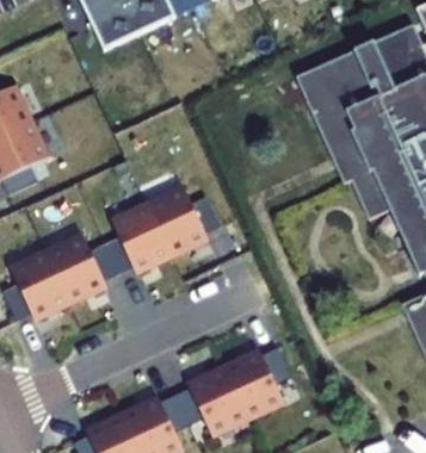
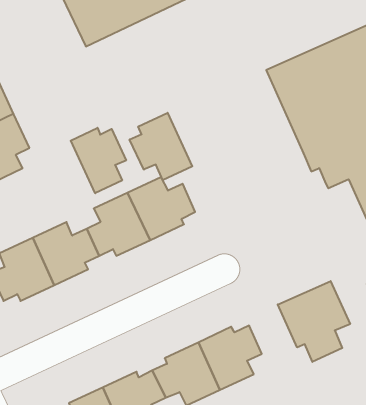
building: none -> [130,113,192,180]
building: none -> [71,128,126,193]
building: none -> [278,281,350,362]

